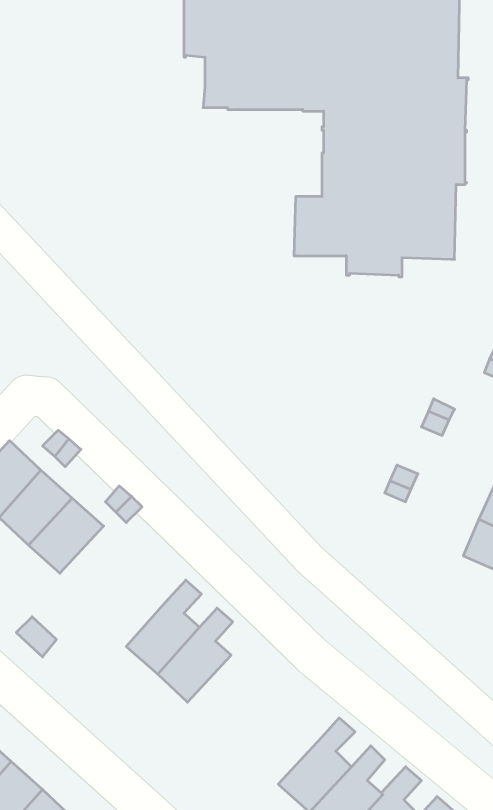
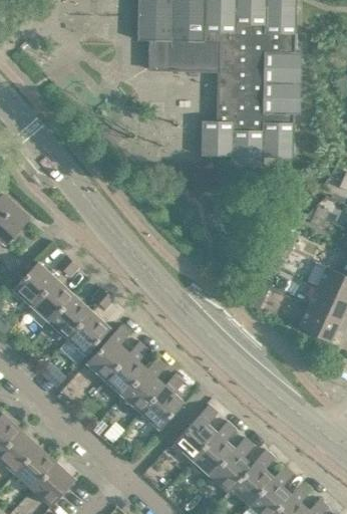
building: none -> [66,310,109,354]
building: none -> [86,324,129,379]
building: none -> [139,373,184,429]
building: none -> [174,404,217,459]

